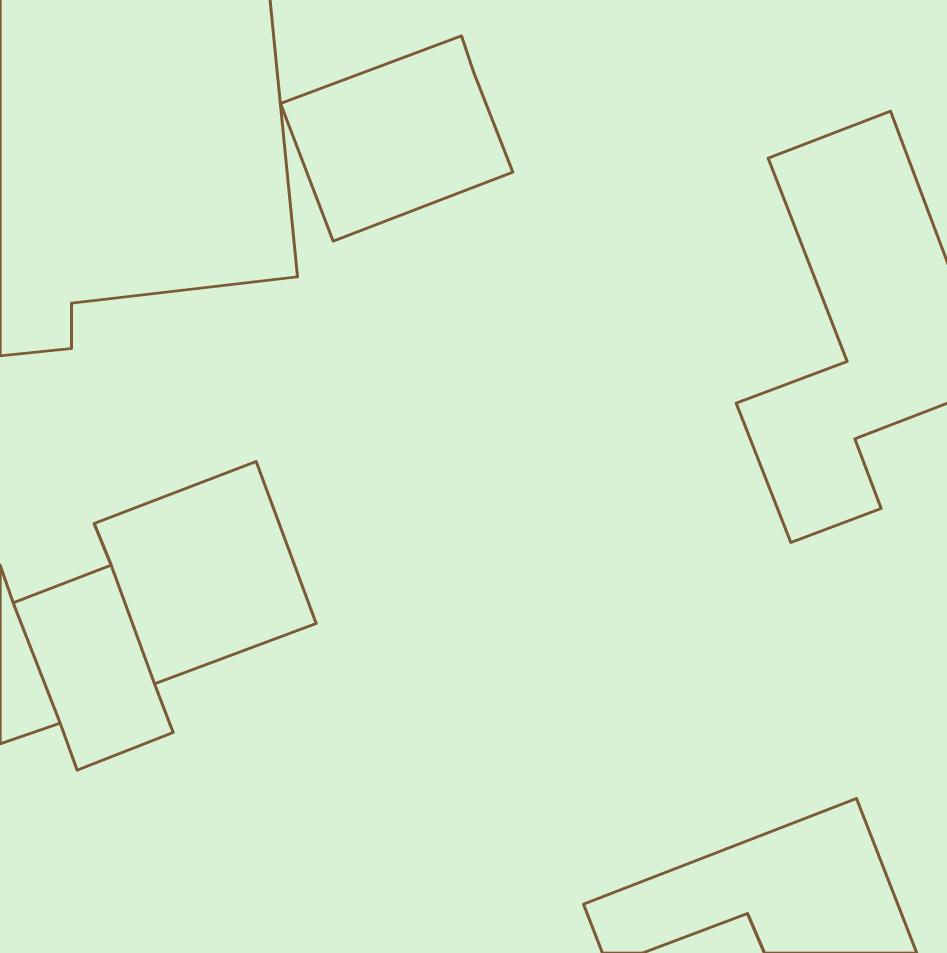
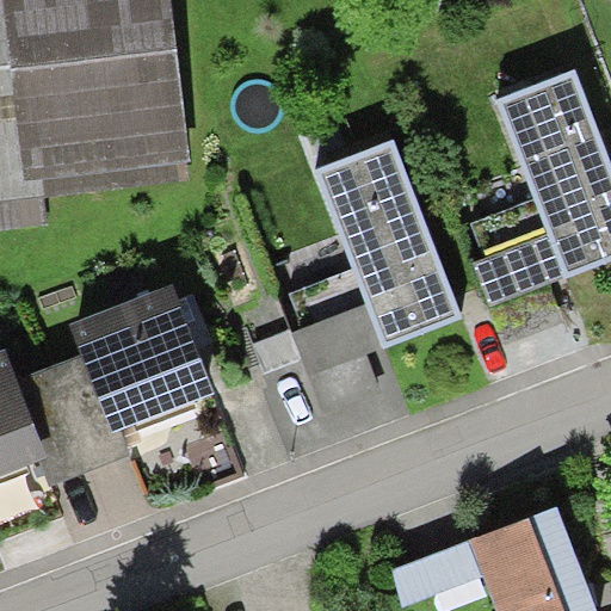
building: [280,36,513,241] -> none
building: none -> [294,142,458,416]

